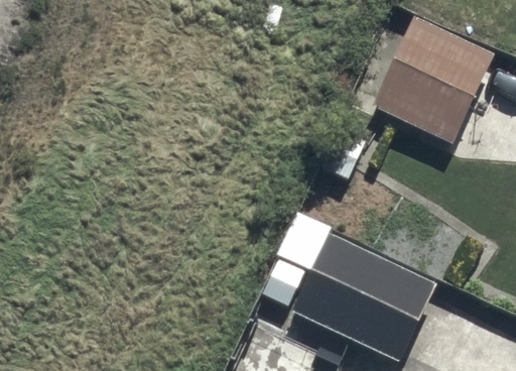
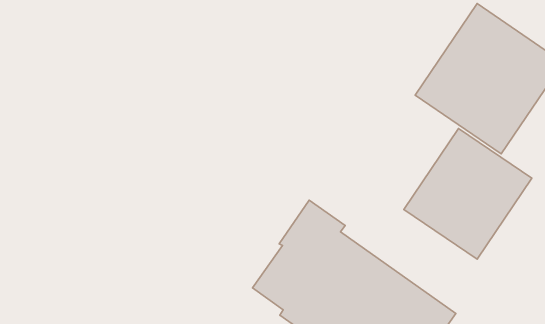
building: none -> [404,129,532,259]

